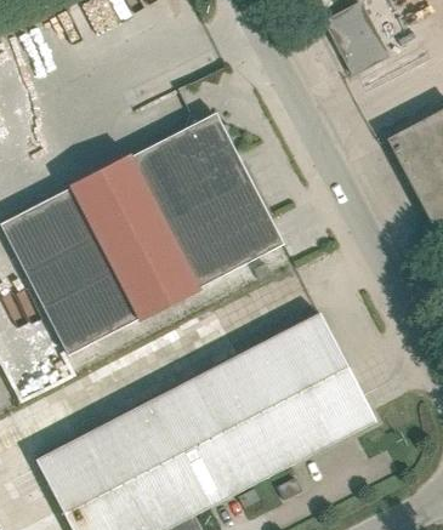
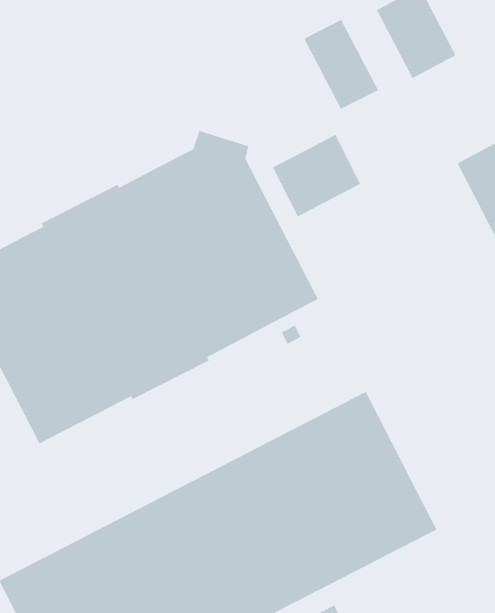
building: none -> [303,19,379,110]
building: none -> [272,134,361,217]

